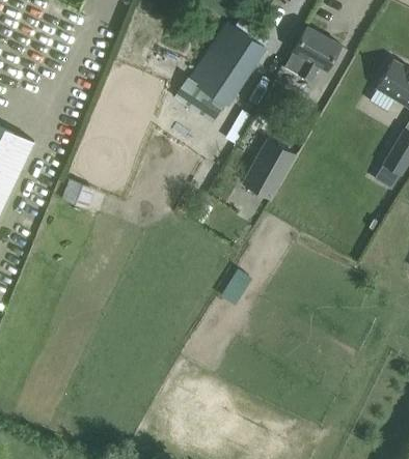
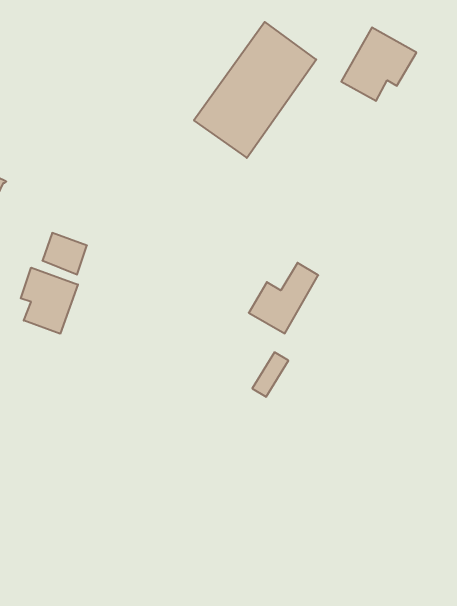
building: [244,145,296,198] -> [249,263,318,333]
building: none -> [21,268,78,334]

